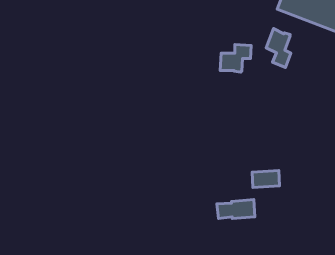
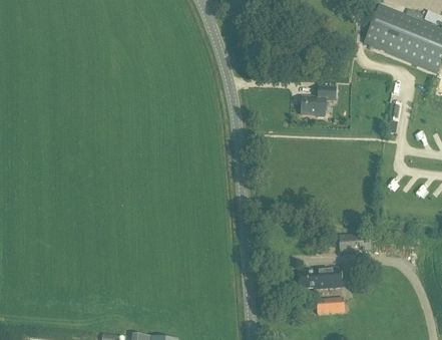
building: [266,29,291,67] -> none
building: none -> [316,296,344,314]

